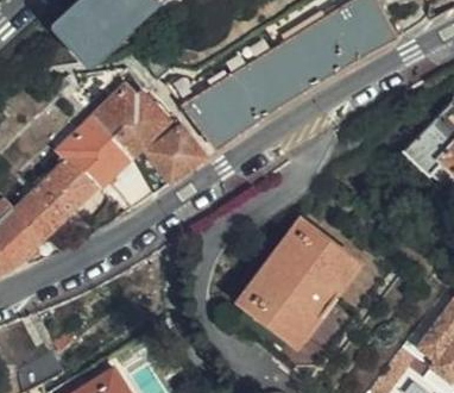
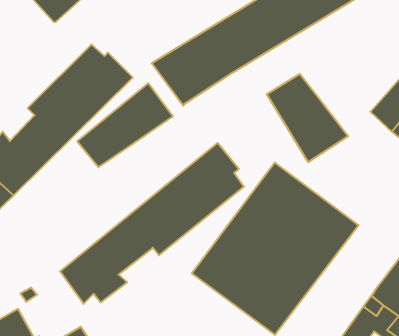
building: none -> [267,74,348,162]
building: none -> [60,143,244,304]

